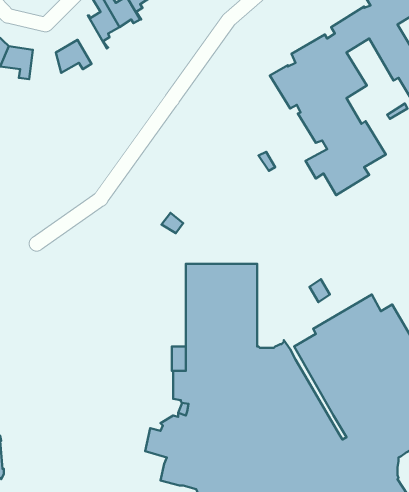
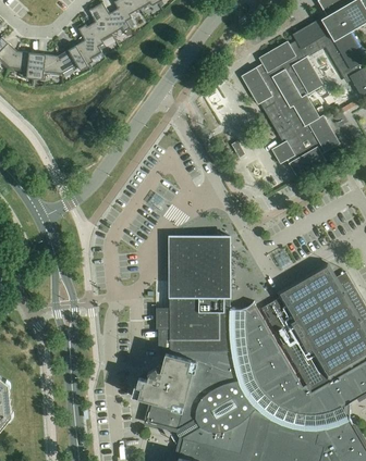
building: none -> [76,25,101,66]
building: none -> [35,54,62,80]

